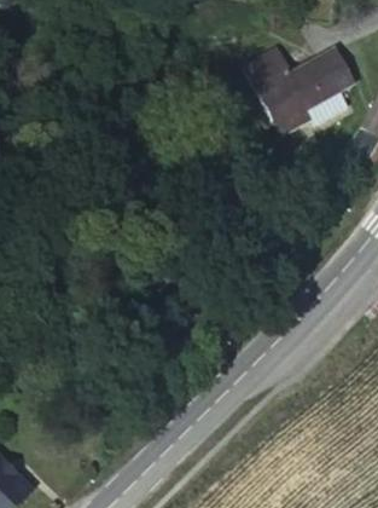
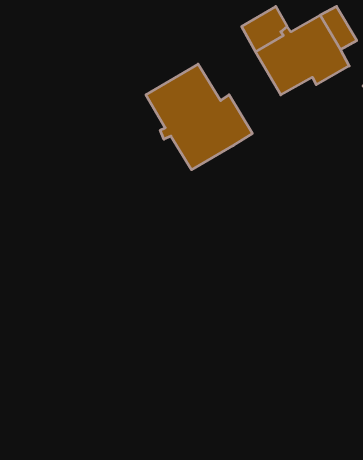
building: none -> [146,64,252,170]

